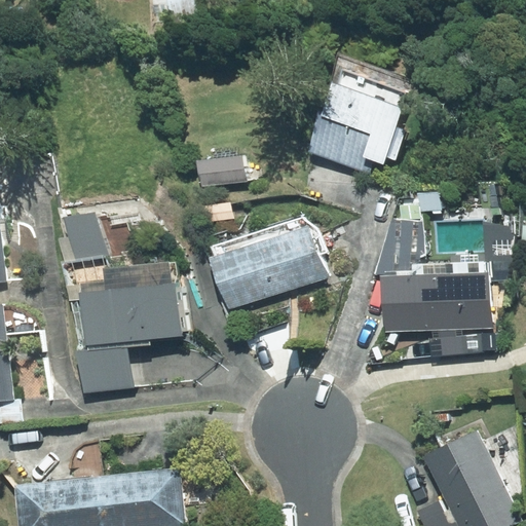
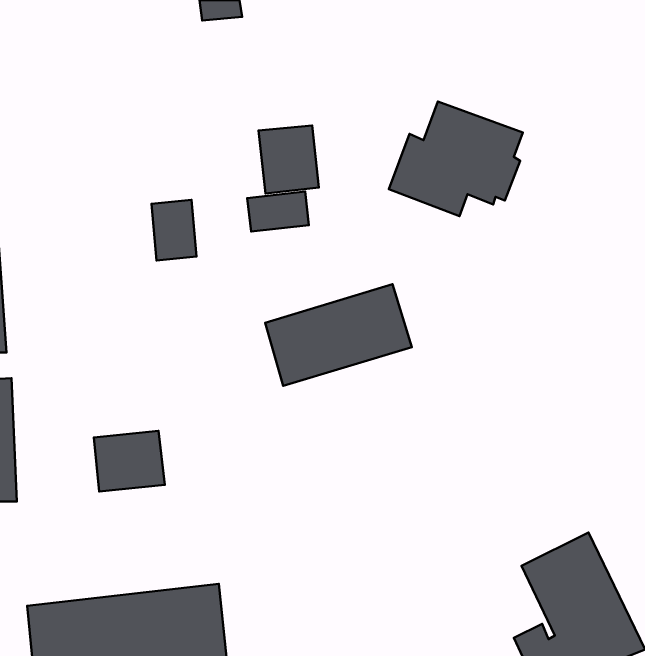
building: none -> [258,126,319,193]
building: [375,206,484,330] -> none
building: [71,214,107,262] -> [152,200,197,260]
building: [82,285,182,344] -> none

